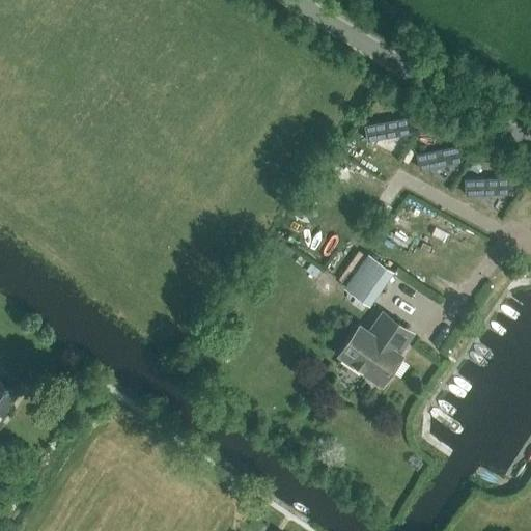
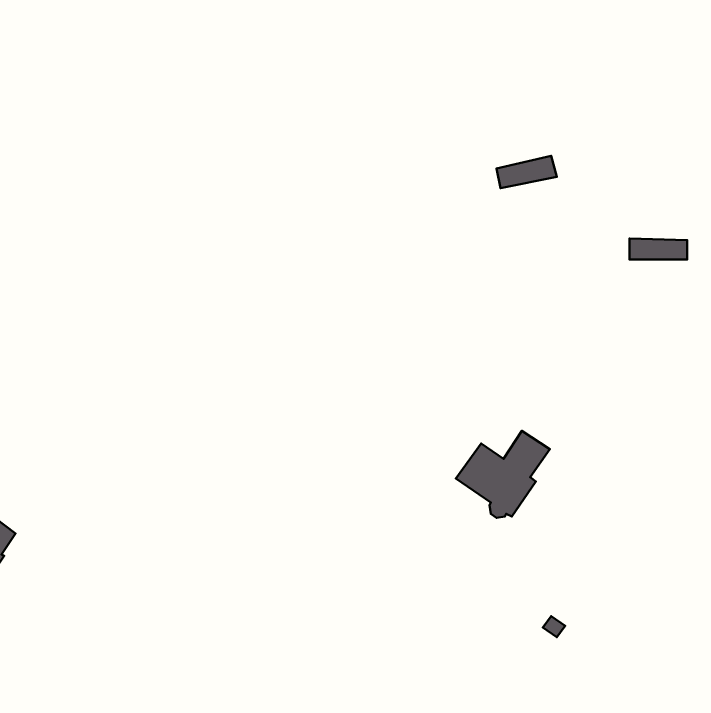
building: [419,150,463,168] -> none
building: [346,249,397,306] -> none

